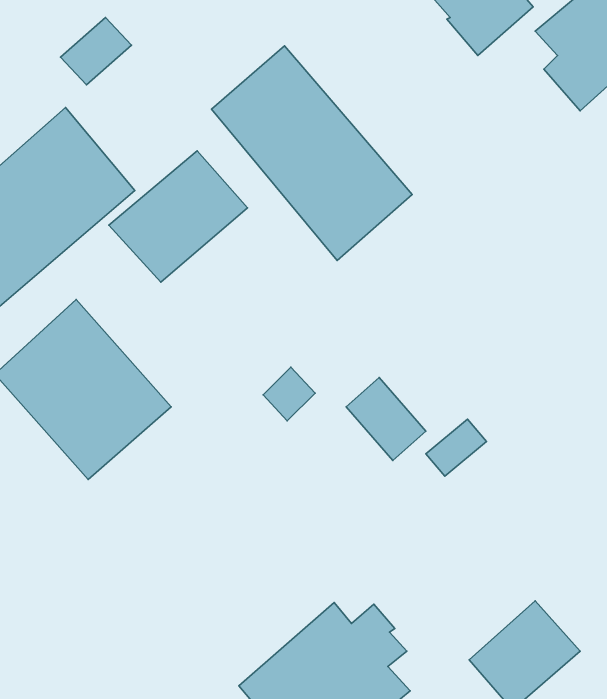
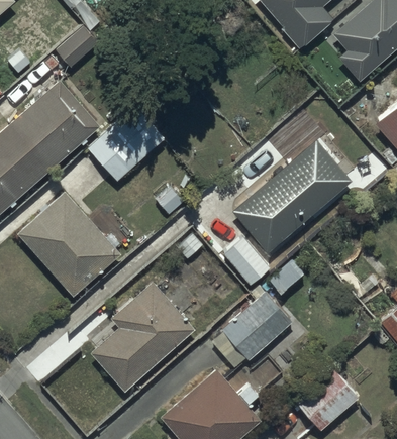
building: [211,46,412,260] -> none
building: none -> [234,143,354,255]
building: none -> [91,282,195,392]
building: none -> [213,285,294,367]

